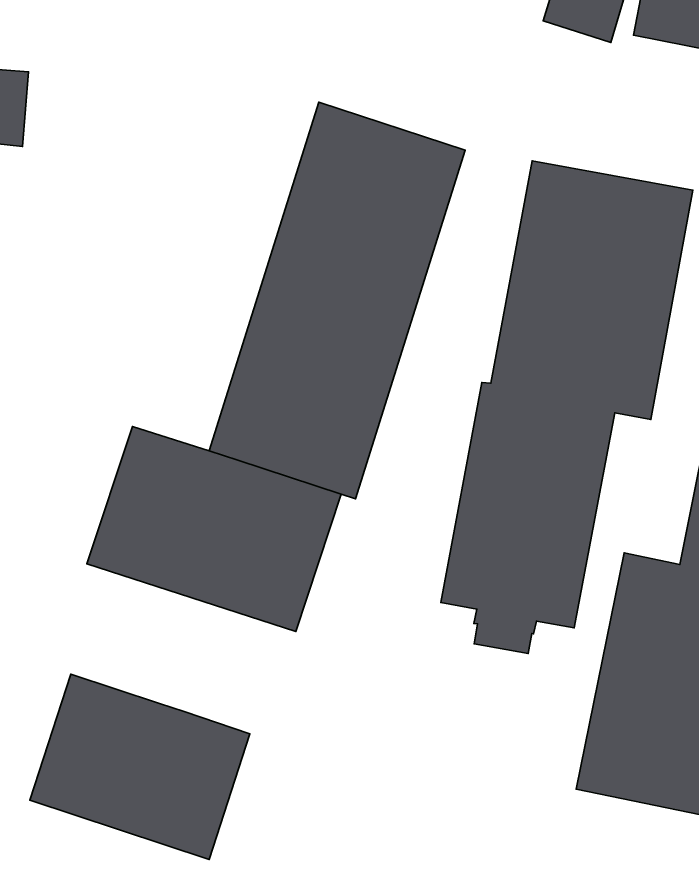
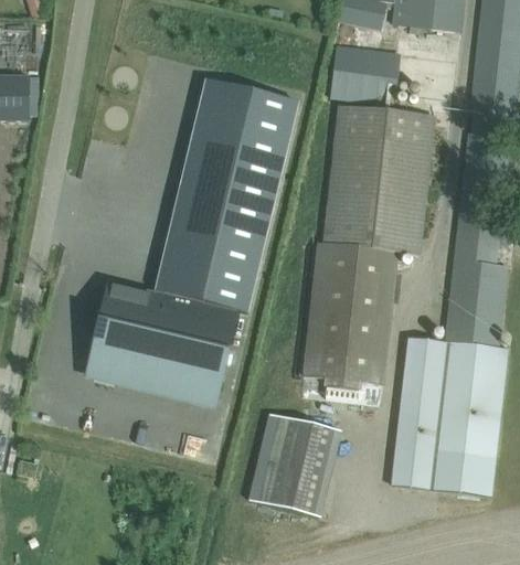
building: none -> [330,45,400,107]
building: none -> [253,415,339,518]
building: [30,674,250,860] -> none

